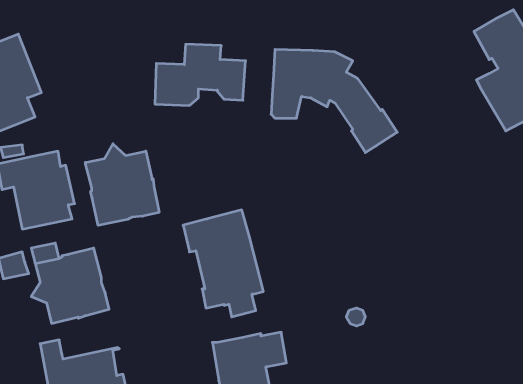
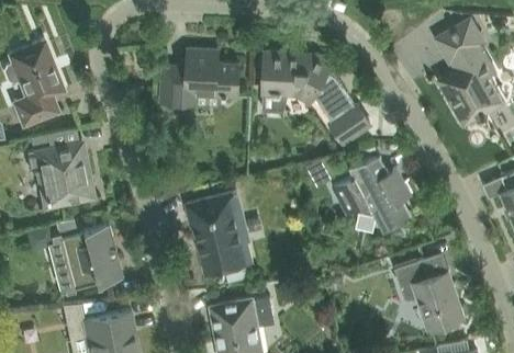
building: [85,144,159,225] -> none
building: none -> [332,158,412,230]
building: none -> [394,259,465,330]

